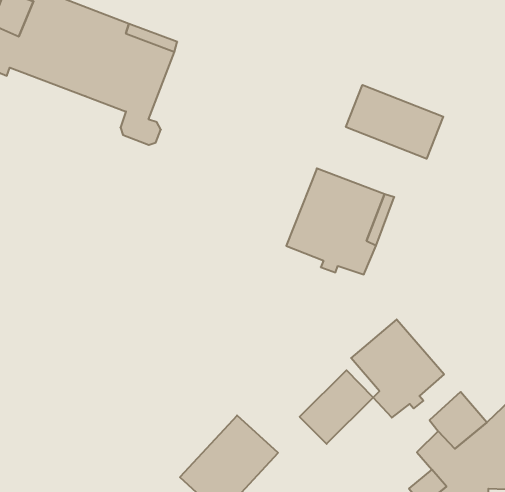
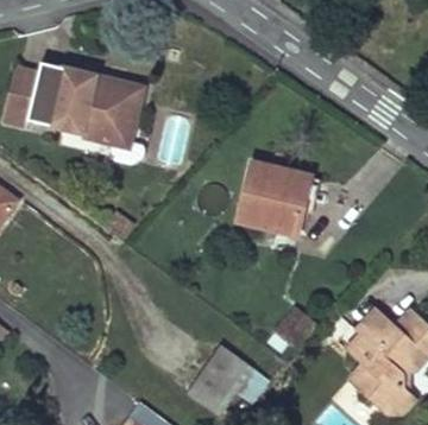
building: [346,85,443,159] -> none
building: [351,319,444,418] -> none

